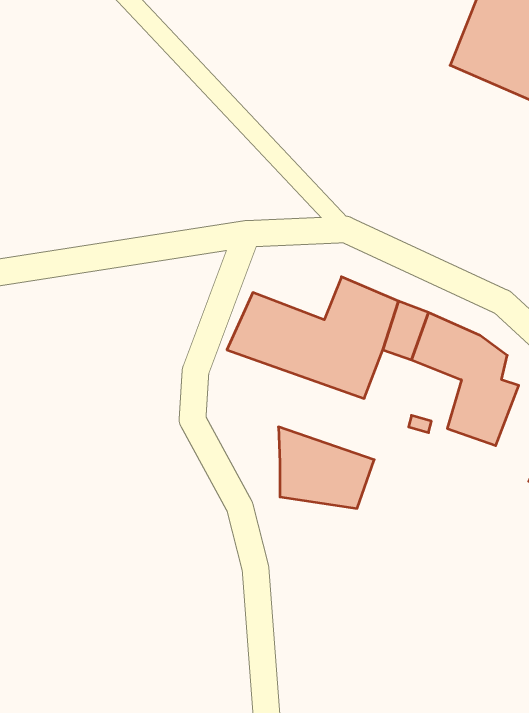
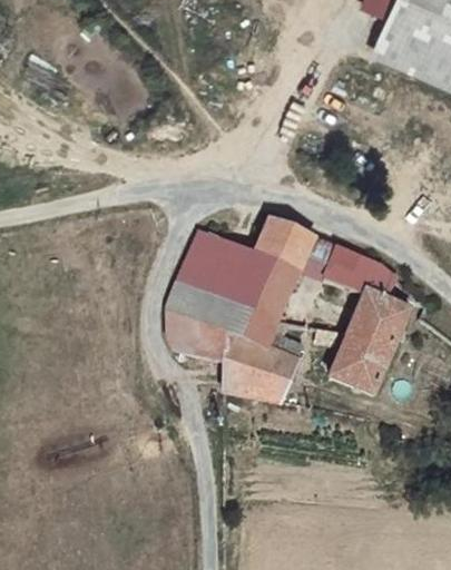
building: none -> [164,274,302,362]
building: none -> [337,335,390,392]

